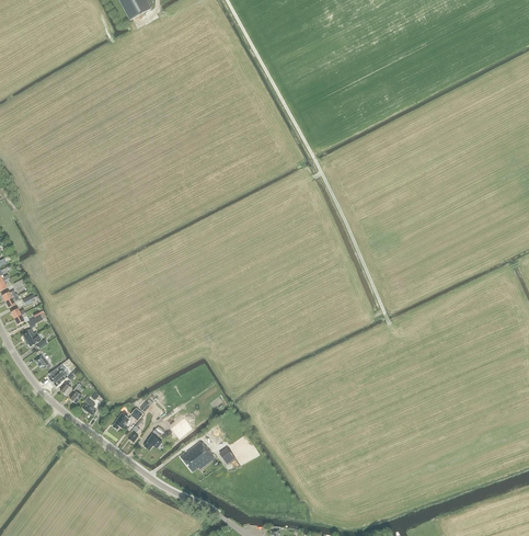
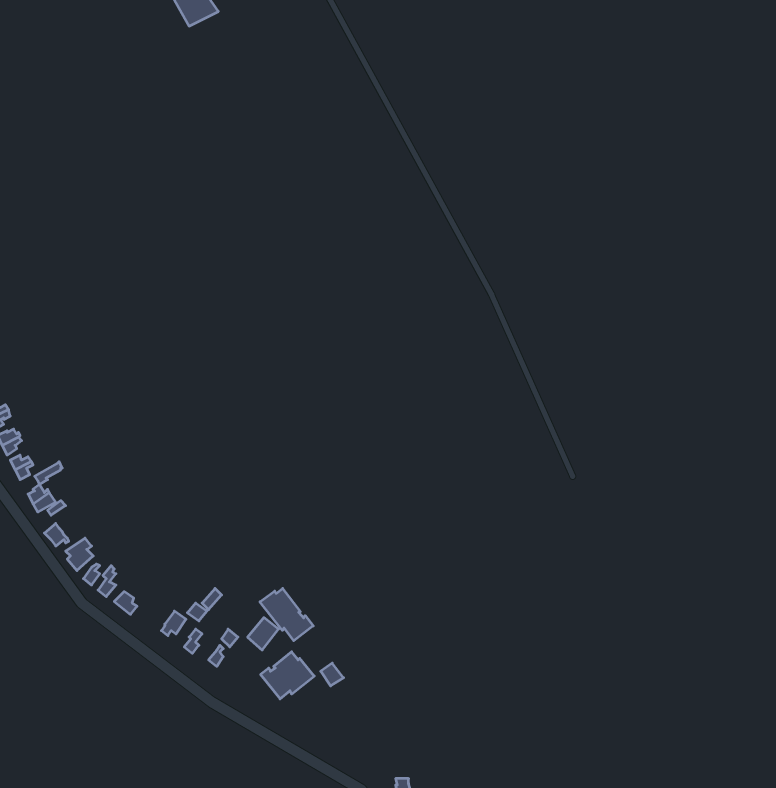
building: none -> [260,588,313,641]

